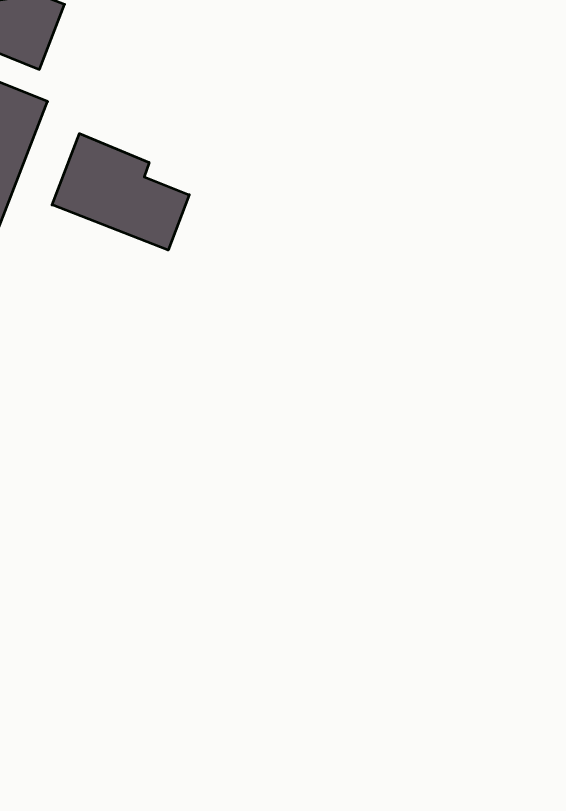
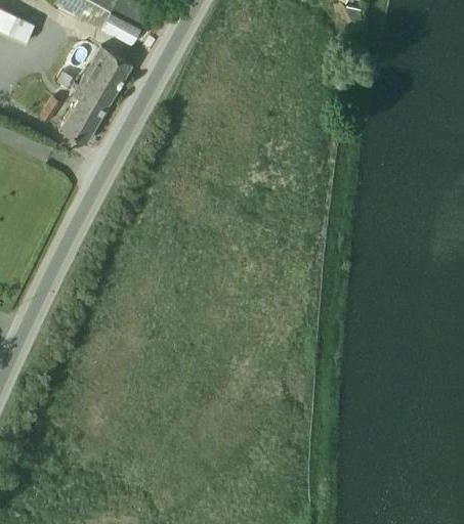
building: [52,134,189,250] -> none

